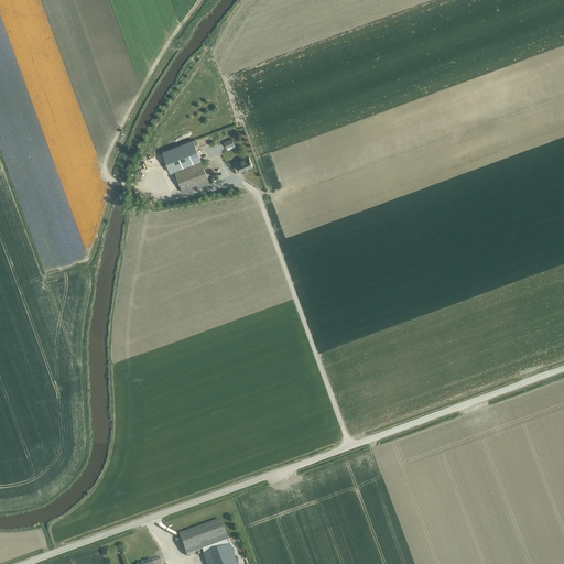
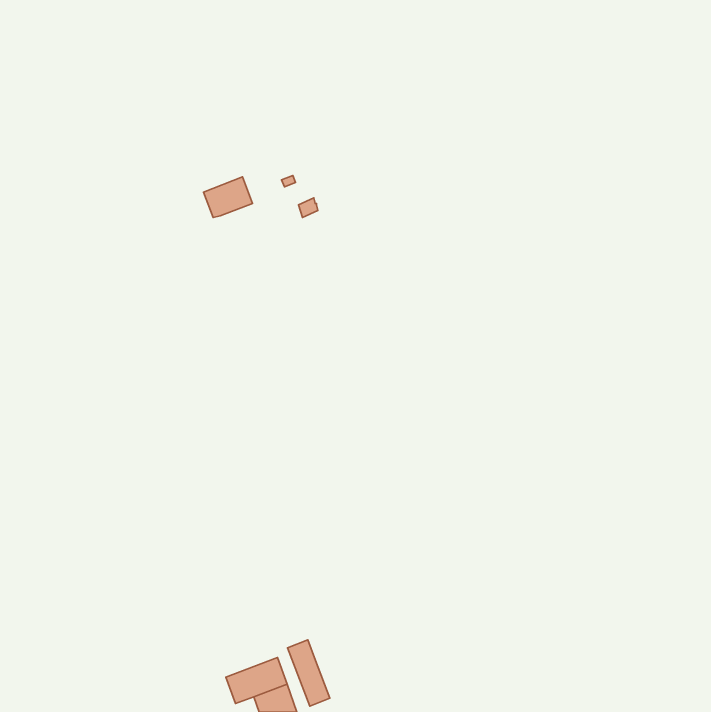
building: [174,160,207,188] -> none
building: none -> [288,640,330,706]

